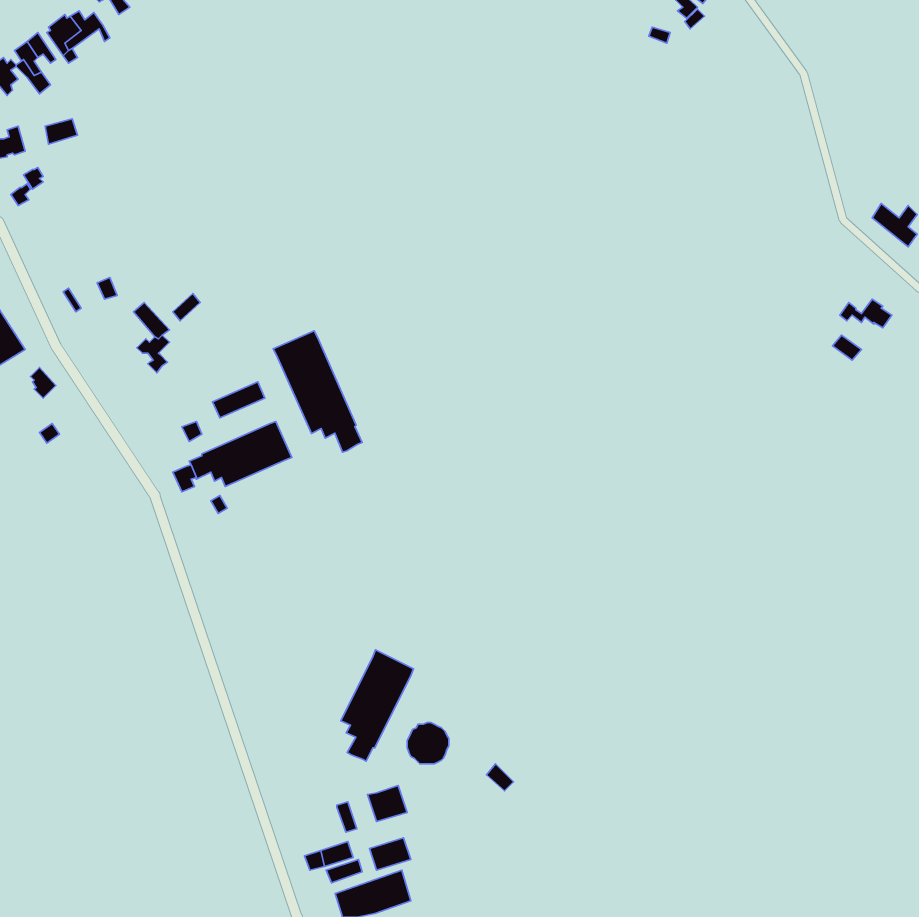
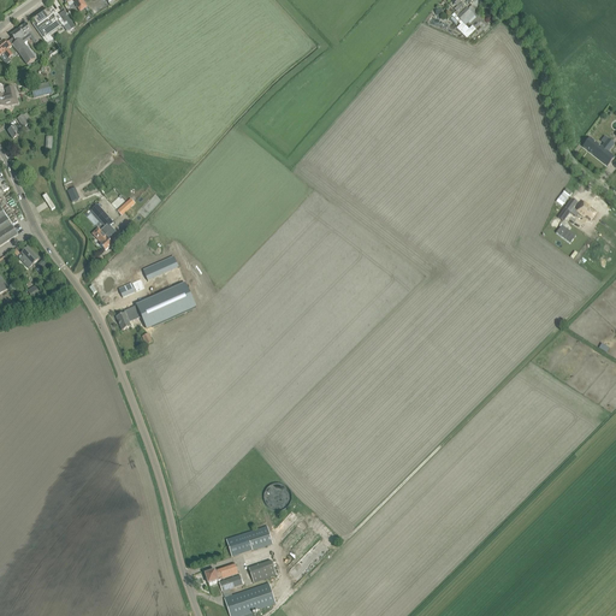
building: [273,331,362,452] -> none
building: [341,650,413,761] -> none

